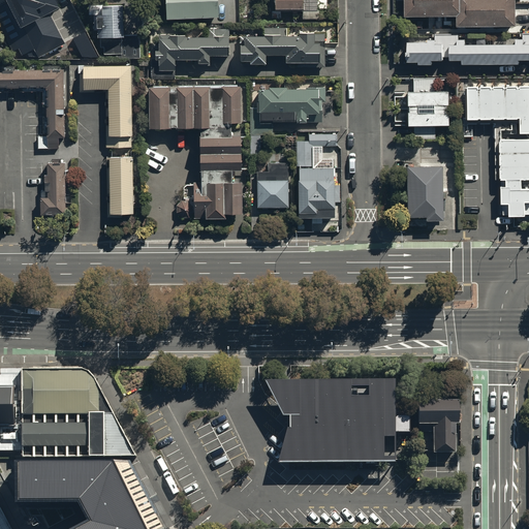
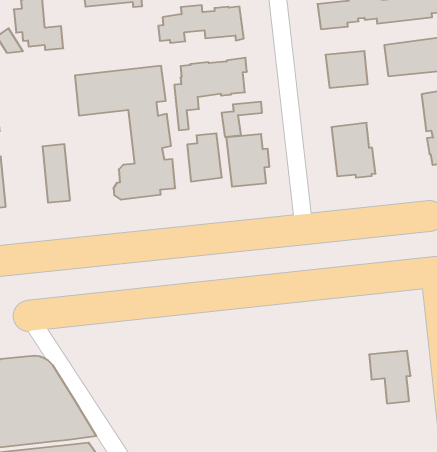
building: [152,28,227,79] -> none
building: [80,65,132,146] -> none
building: [260,376,414,464] -> none

